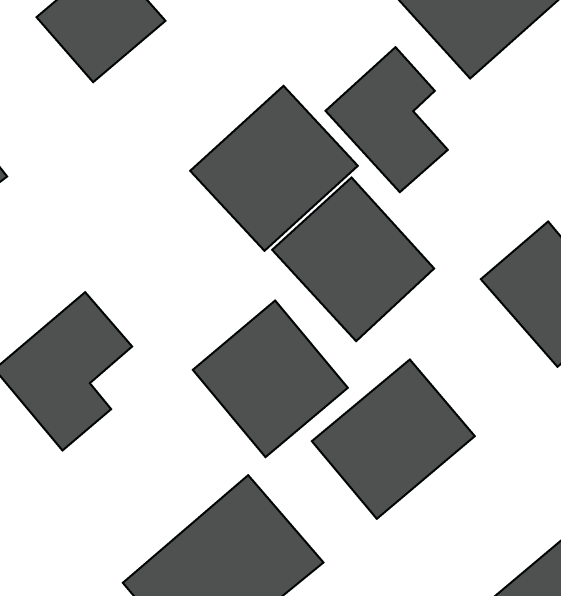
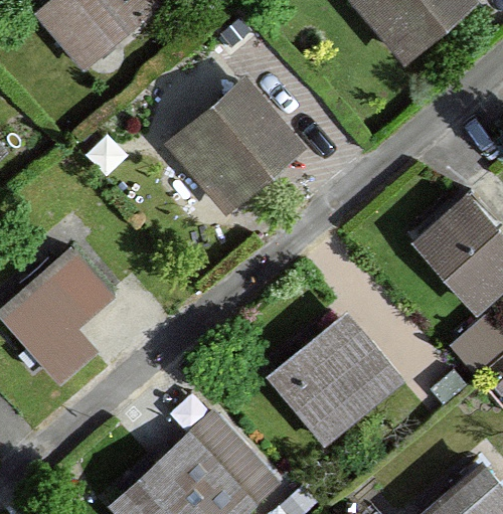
building: [326,47,448,192] -> none
building: [272,178,434,341] -> none
building: [193,301,348,457] -> none

